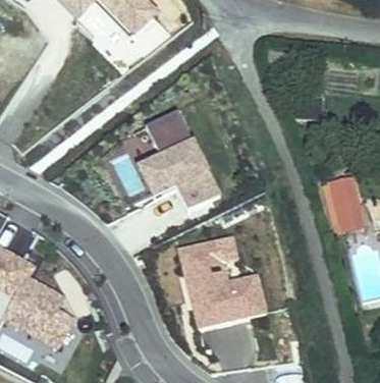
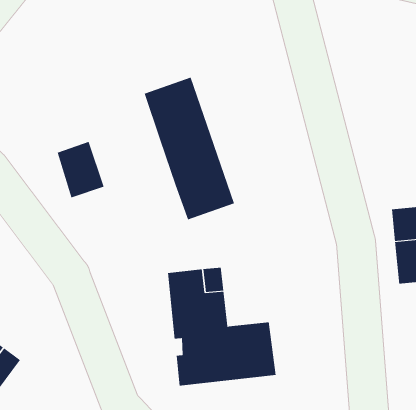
building: [140,156,176,198] -> [57,141,105,198]

